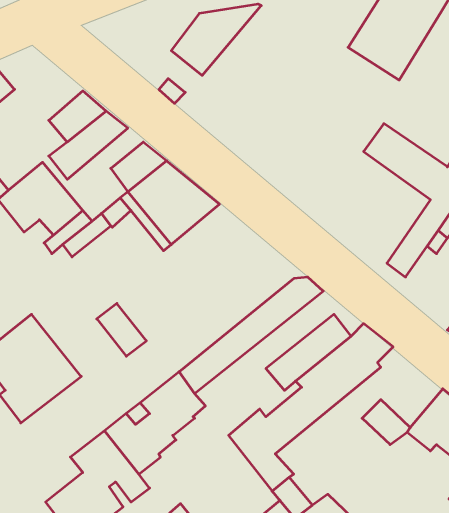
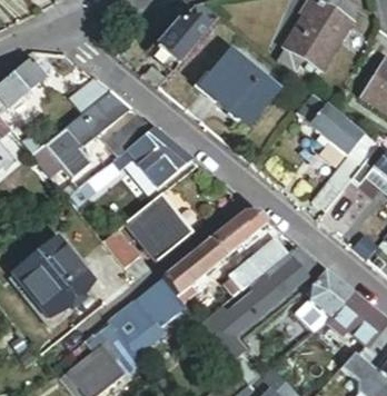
building: none -> [197,50,275,126]
building: none -> [126,194,192,261]
building: none -> [307,268,351,319]

